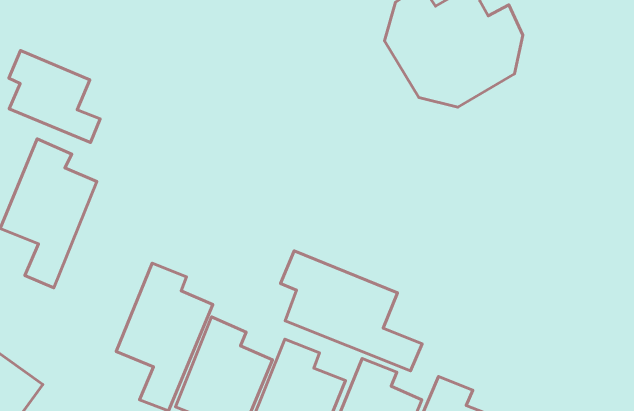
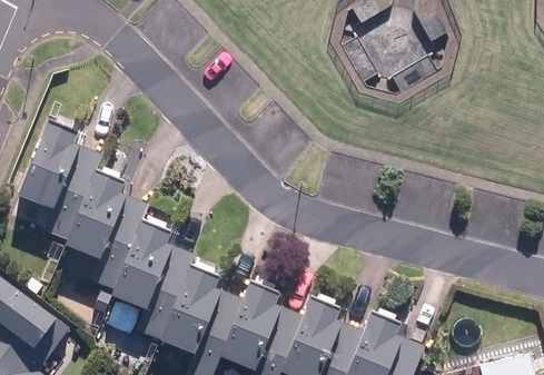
building: [9,50,100,142] -> none
building: none -> [70,171,147,289]
building: [281,251,422,371] -> none

